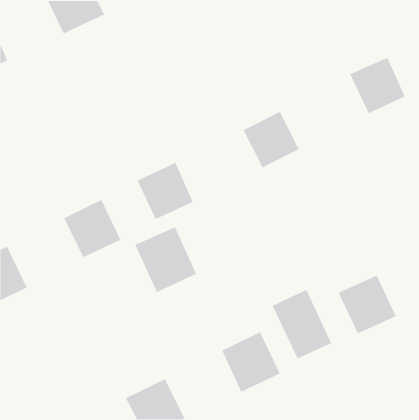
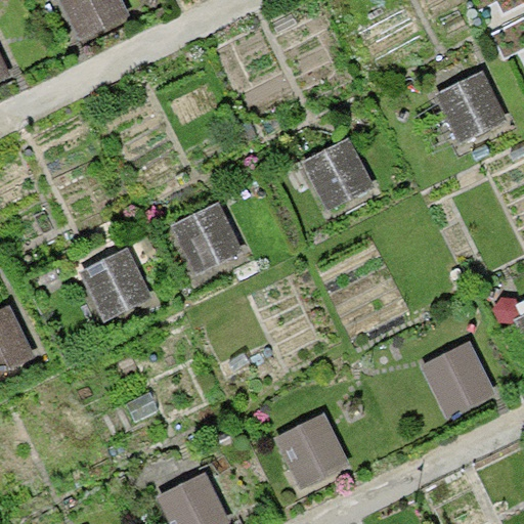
building: [134,226,197,293] -> none
building: [272,289,332,360] -> none

